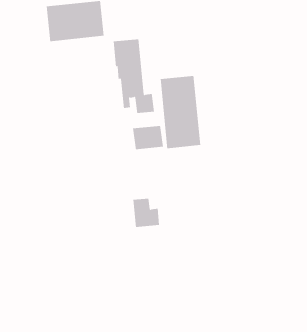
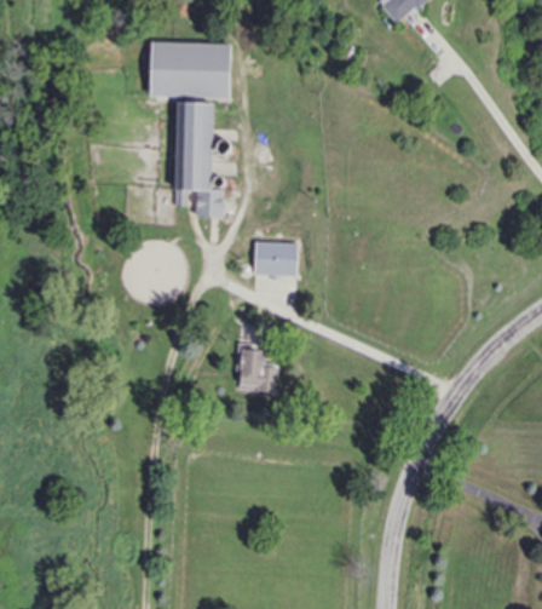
building: [113,39,155,113] -> [173,103,224,217]
building: [160,75,201,149] -> none

